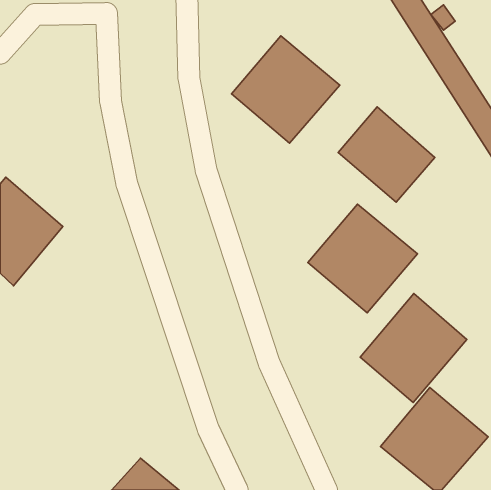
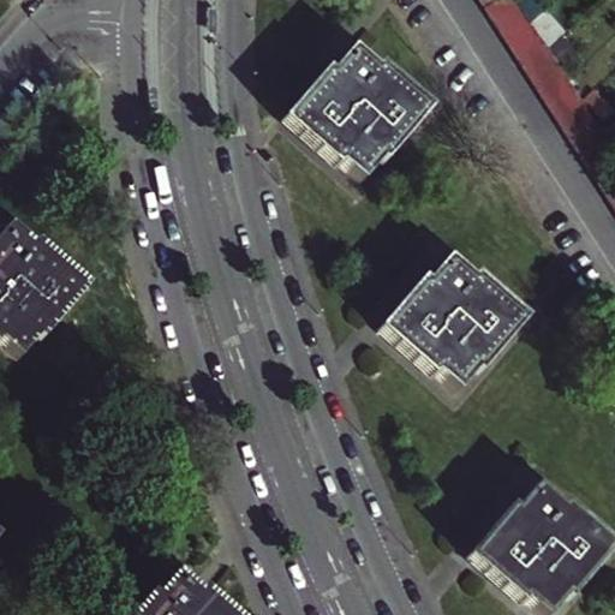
building: [338,107,435,202] -> none
building: [360,293,467,402] -> none

